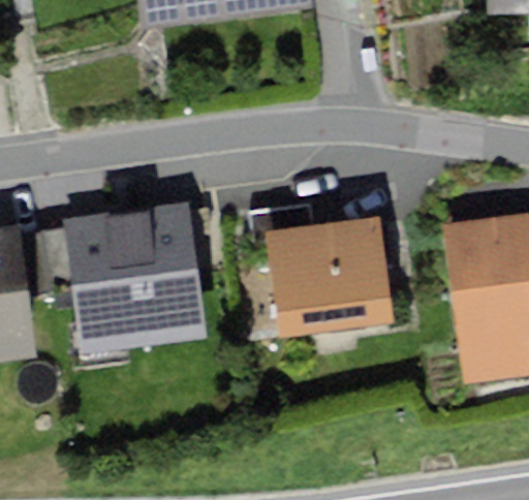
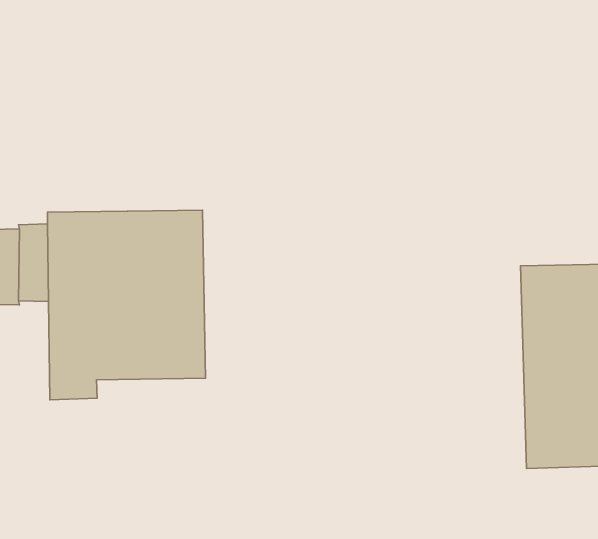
building: [251,206,392,333] -> none

